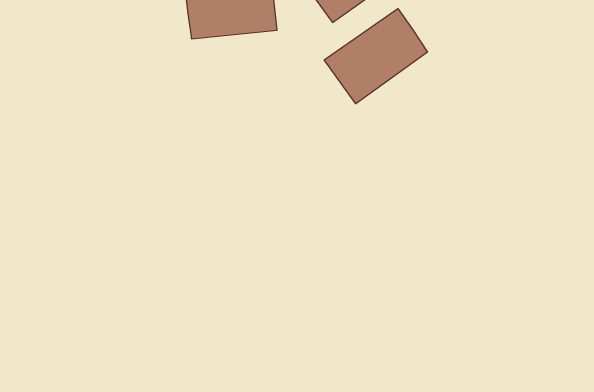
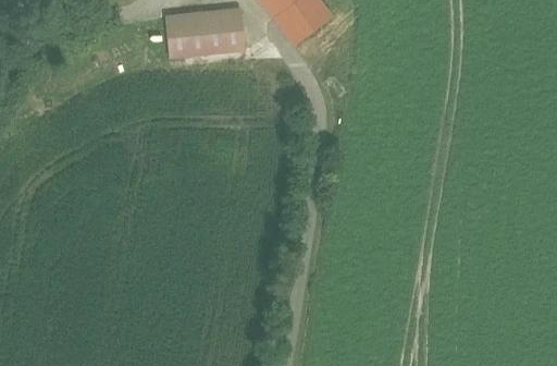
building: [324,9,427,104] -> none

